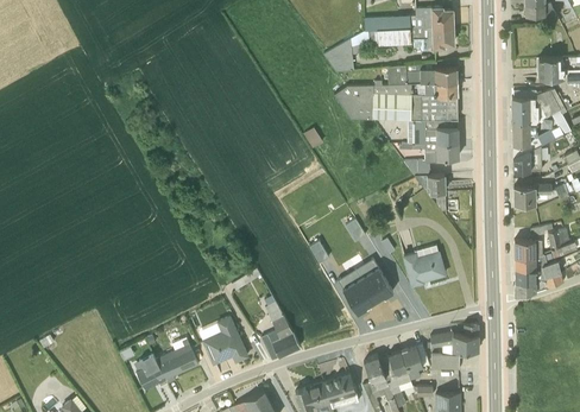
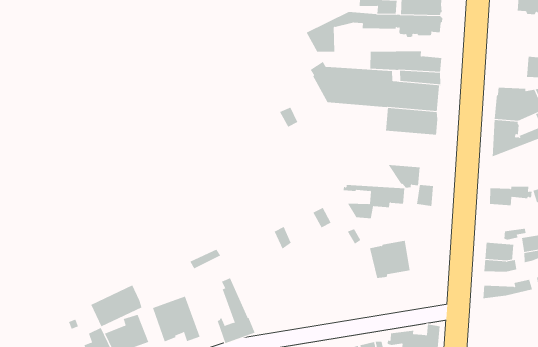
building: [399,142,459,175] -> [343,184,405,219]
building: [513,146,541,173] -> none
building: [338,260,393,313] -> none
building: [515,261,560,283] -> none
building: none -> [90,285,142,327]

